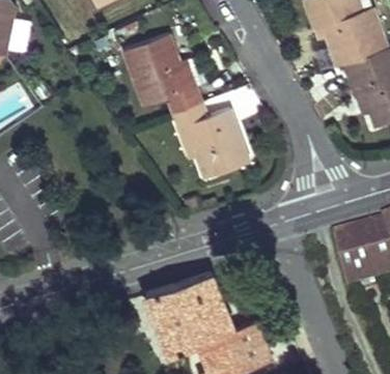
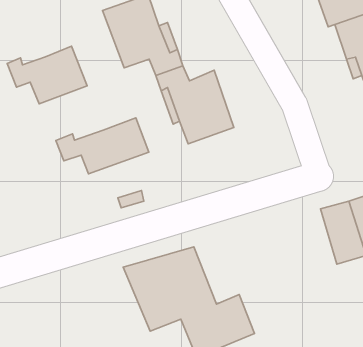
building: none -> [7,46,87,104]
building: none -> [56,118,149,174]

